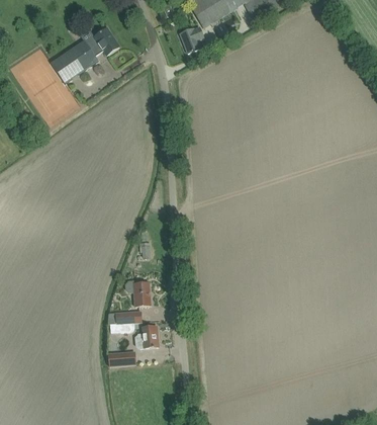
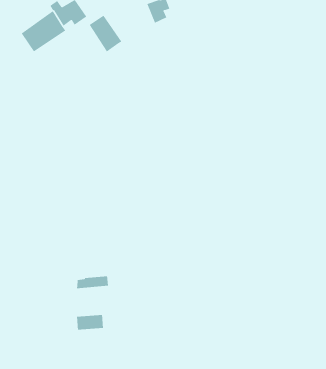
building: none -> [89,15,122,52]
building: [125,280,151,306] -> none
building: [135,325,159,347] -> none

